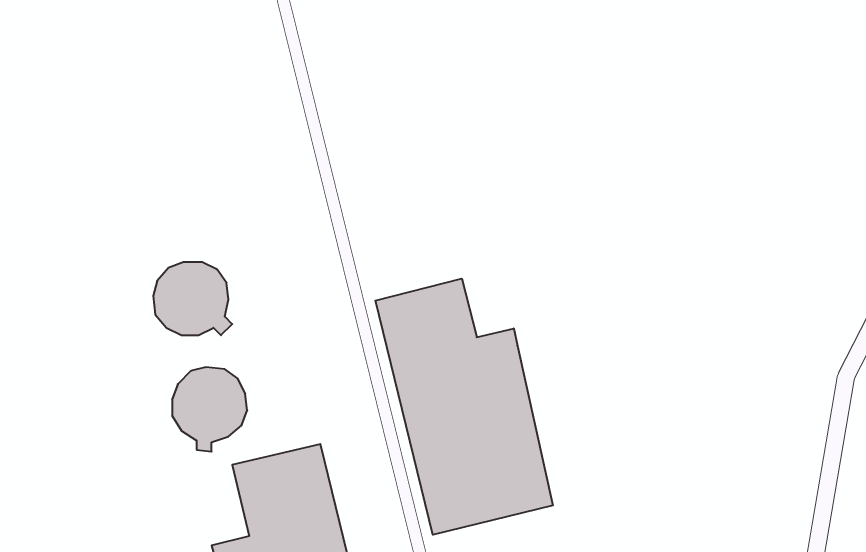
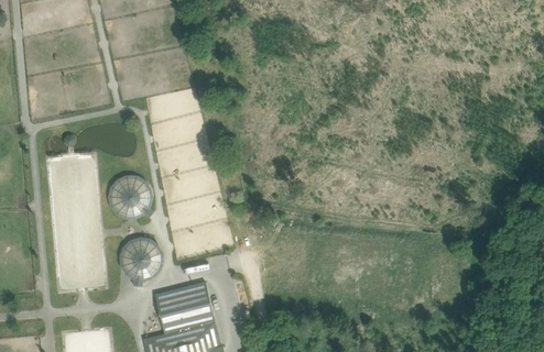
building: [375,279,553,535] -> none

